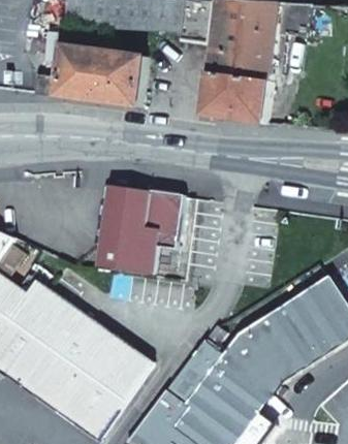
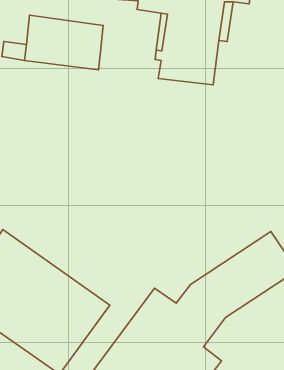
building: [99,184,185,273] -> none

